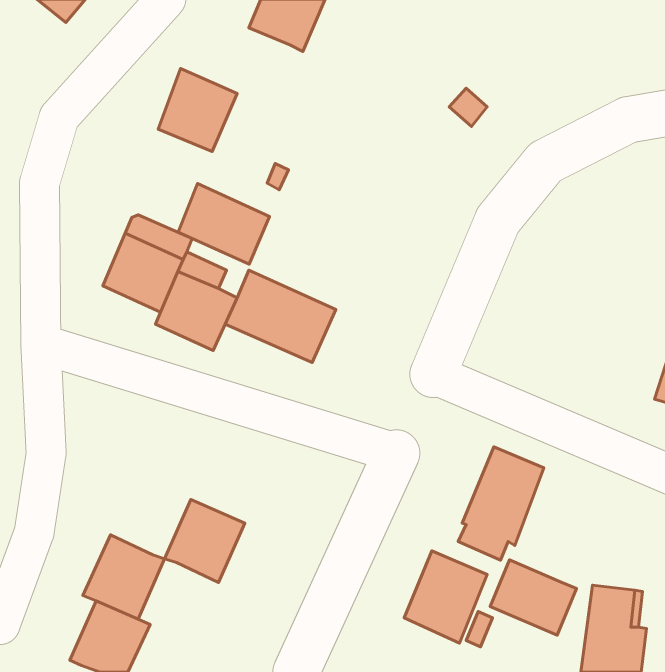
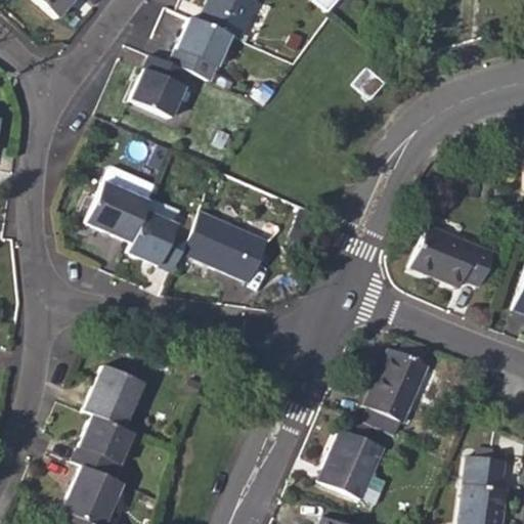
building: none -> [170,17,231,82]
building: [178,184,270,264] -> none
building: none -> [412,226,494,286]
building: [165,499,245,582] -> [83,366,145,431]
building: [490,560,576,635] -> none

